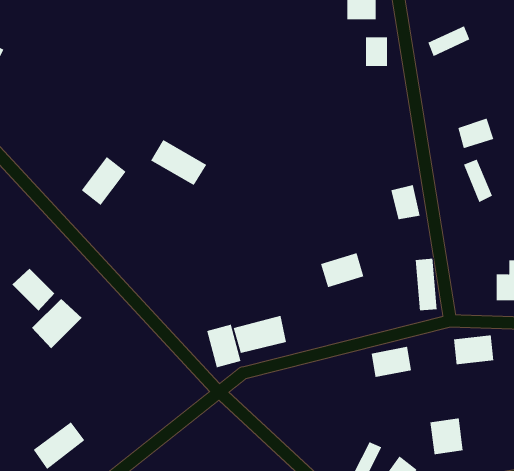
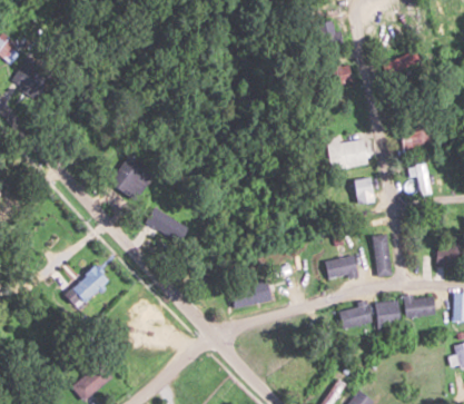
building: none -> [329,139,367,168]
building: [150,139,207,186] -> [146,208,190,245]
building: [320,252,364,288] -> [323,255,357,283]
building: [12,268,55,311] -> none
building: [206,324,241,368] -> none
building: [430,418,464,455] -> [373,300,399,329]

